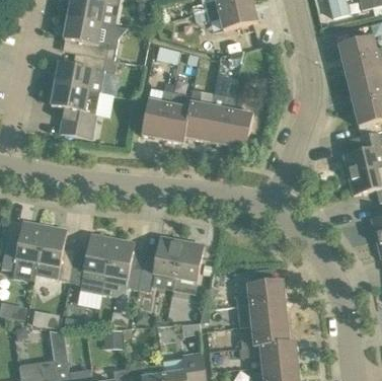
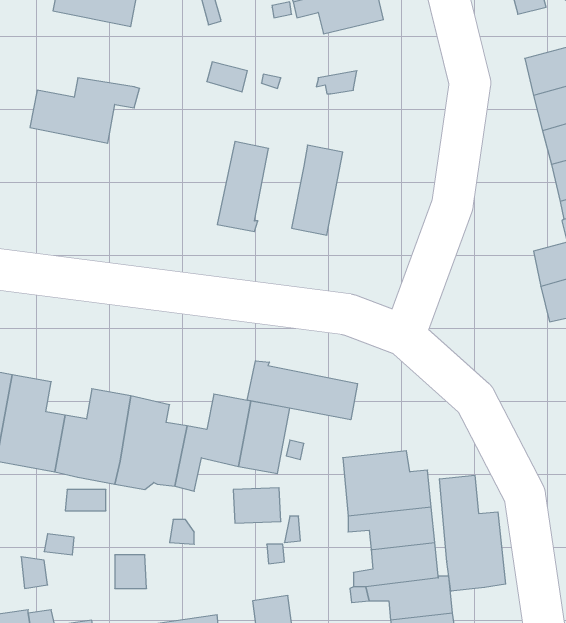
building: [64,16,119,60] -> none
building: [51,83,99,139] -> none
building: [142,89,172,139] -> none
building: [183,89,212,141] -> none
building: [225,97,253,149] -> none
building: none -> [247,361,358,420]
building: none -> [440,475,506,591]

